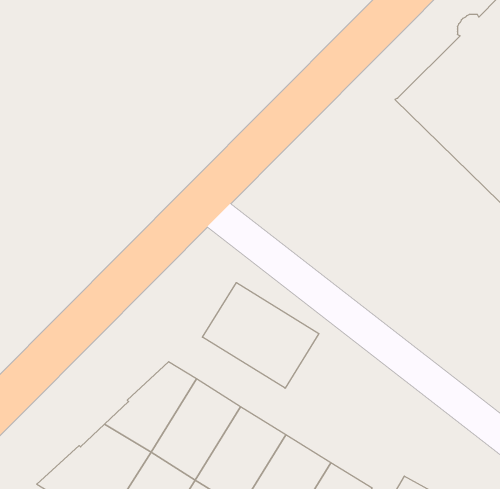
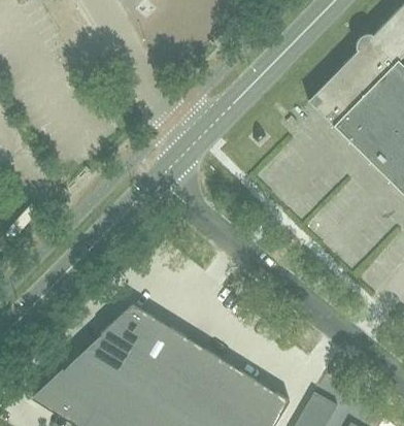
building: [202,283,319,388] -> none

